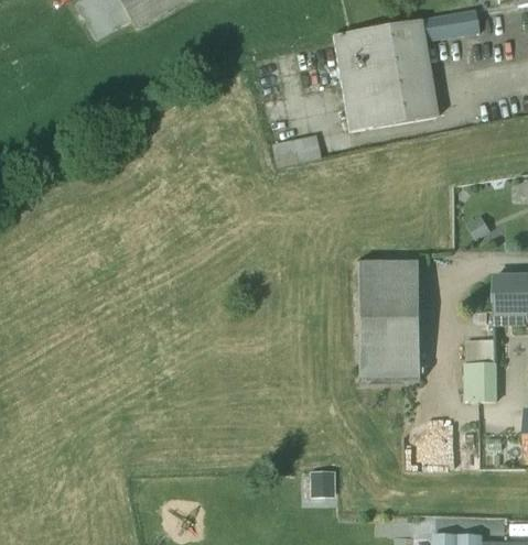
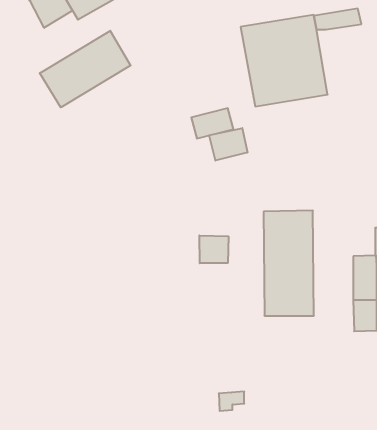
building: none -> [40,31,131,107]
building: none -> [209,128,247,161]
building: none -> [199,235,228,263]

